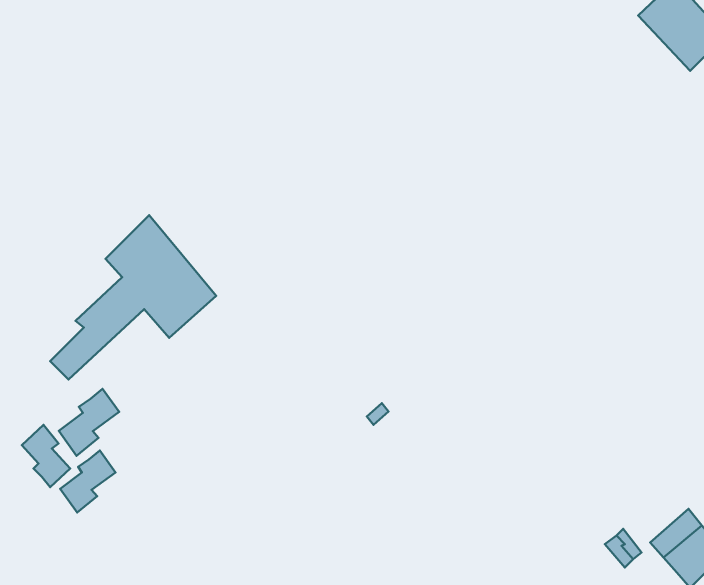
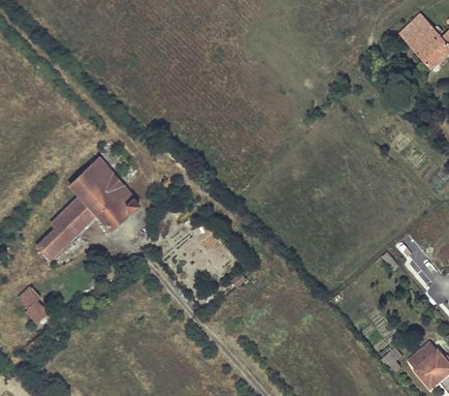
building: [59,389,119,456] -> none
building: [60,451,115,512] -> none

